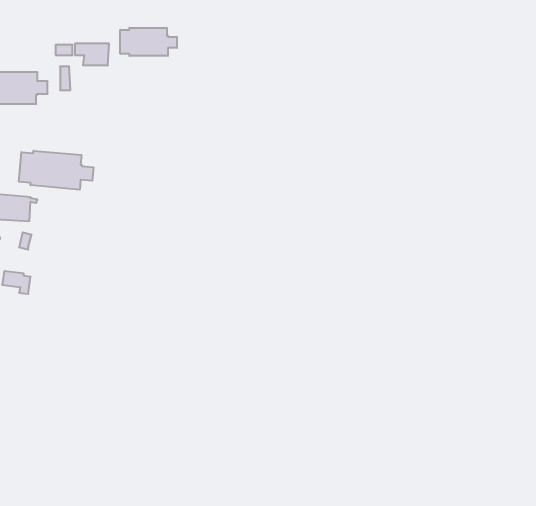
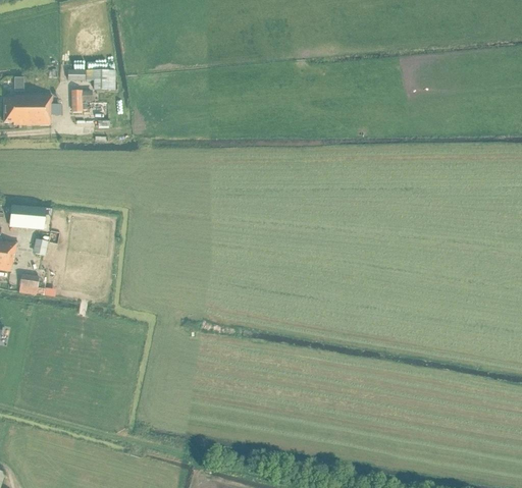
building: [120,28,177,56] -> none
building: [19,151,93,190] -> none

